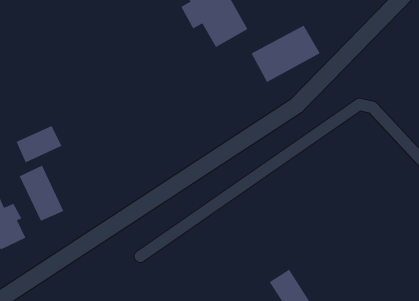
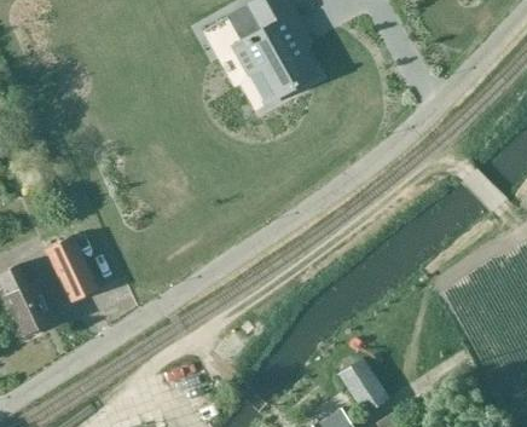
building: [251,25,320,83] -> none
building: [16,125,62,163] -> none

